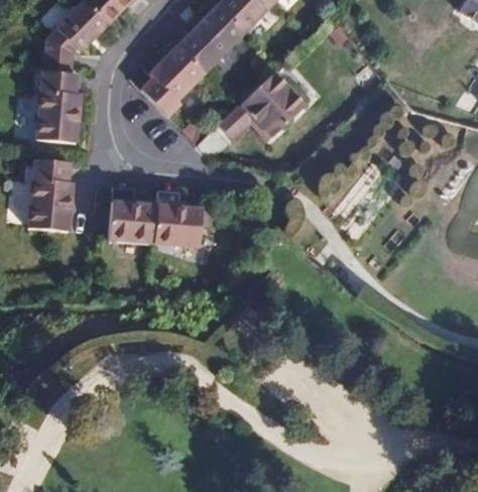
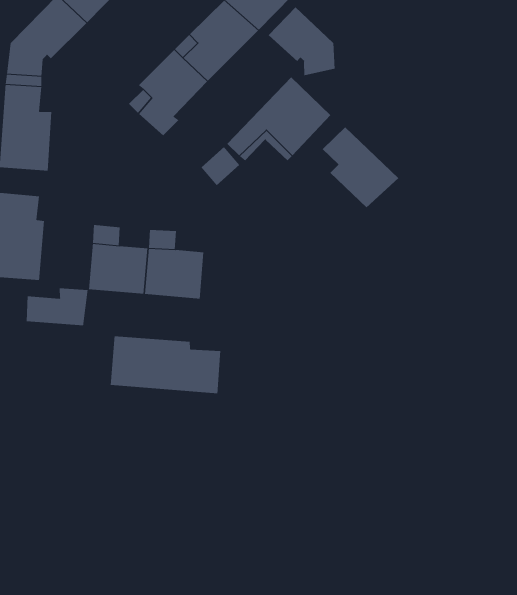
building: none -> [268,6,335,76]
building: none -> [322,126,399,208]
building: none -> [26,288,88,326]
building: none -> [110,336,221,394]

